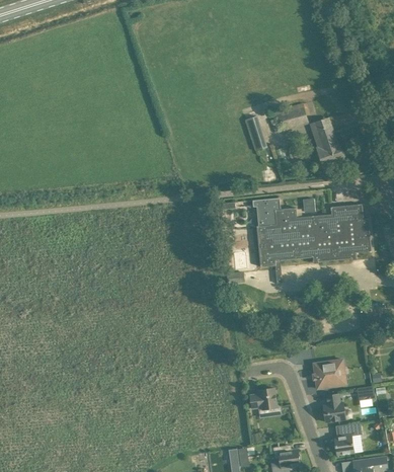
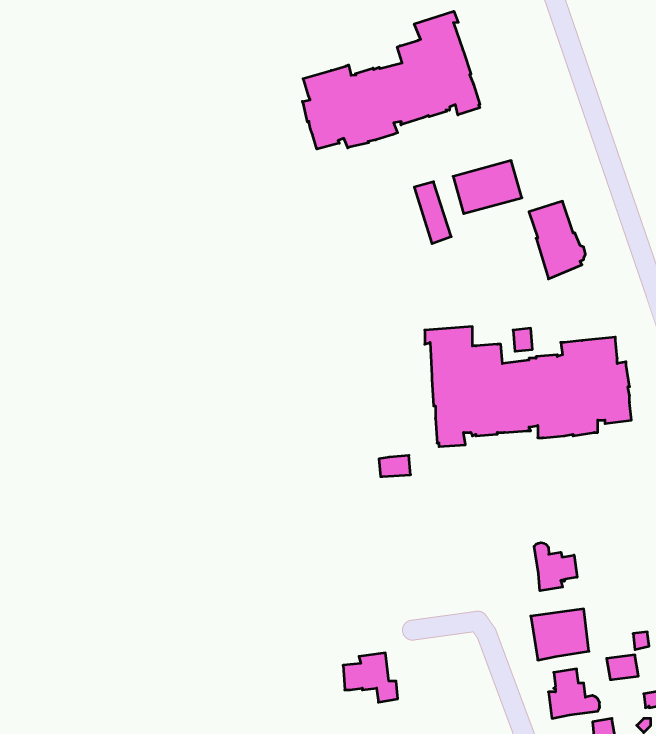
building: none -> [302,11,480,149]
building: none -> [534,543,577,591]
building: [250,388,282,416] -> [343,653,398,702]

